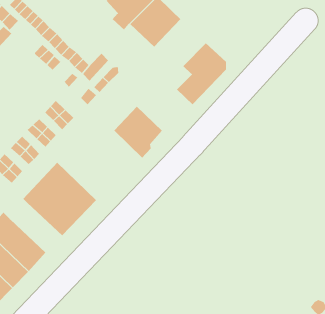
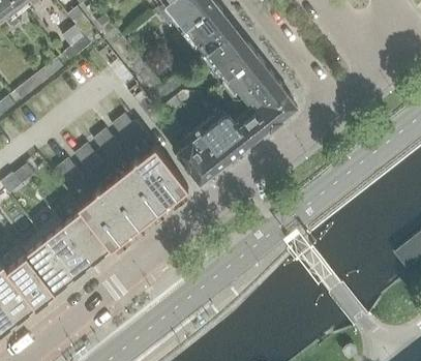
building: none -> [224,55,275,102]
building: none -> [200,114,249,160]
building: none -> [115,146,186,218]
building: none -> [62,211,110,262]

